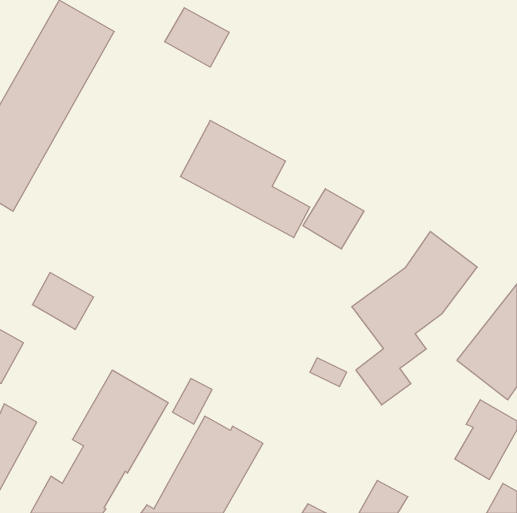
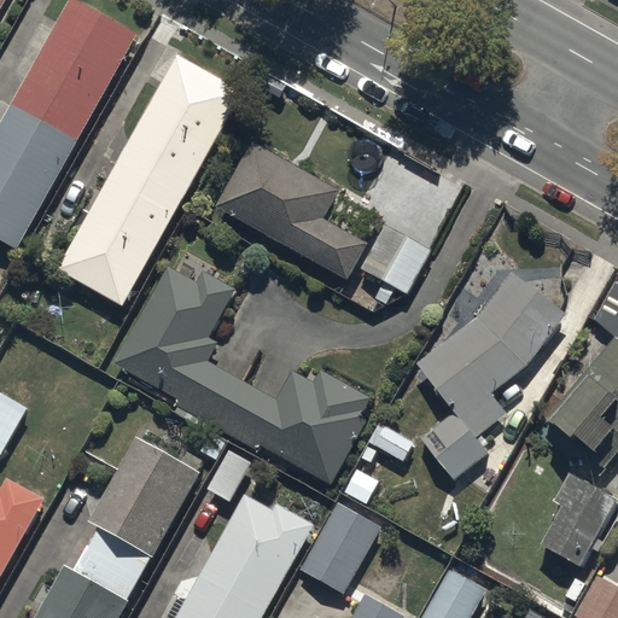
building: [165,8,229,67] -> none
building: none -> [57,57,240,307]
building: none -> [113,266,367,484]
building: [32,273,94,330] -> none
building: none -> [298,490,381,593]

